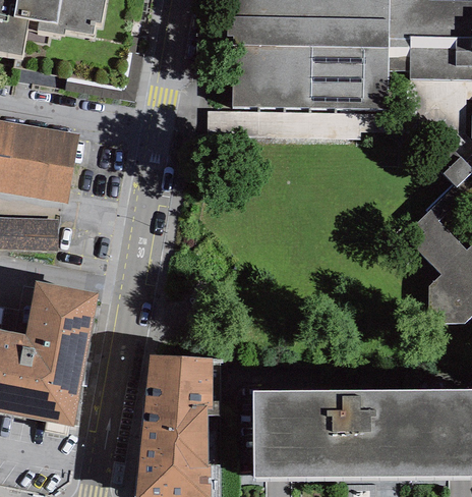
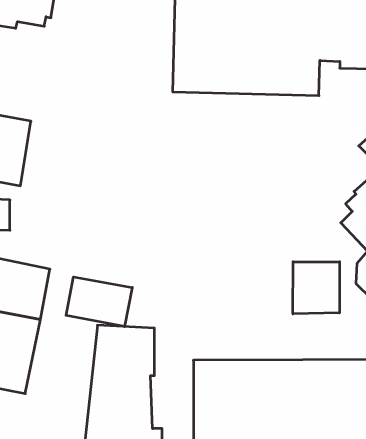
building: none -> [293,262,340,314]
building: none -> [66,277,132,327]

